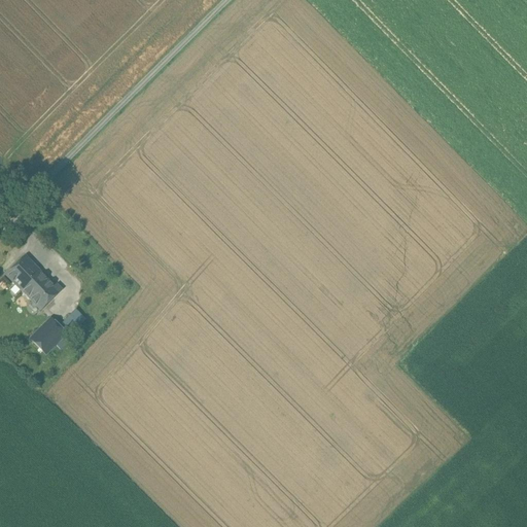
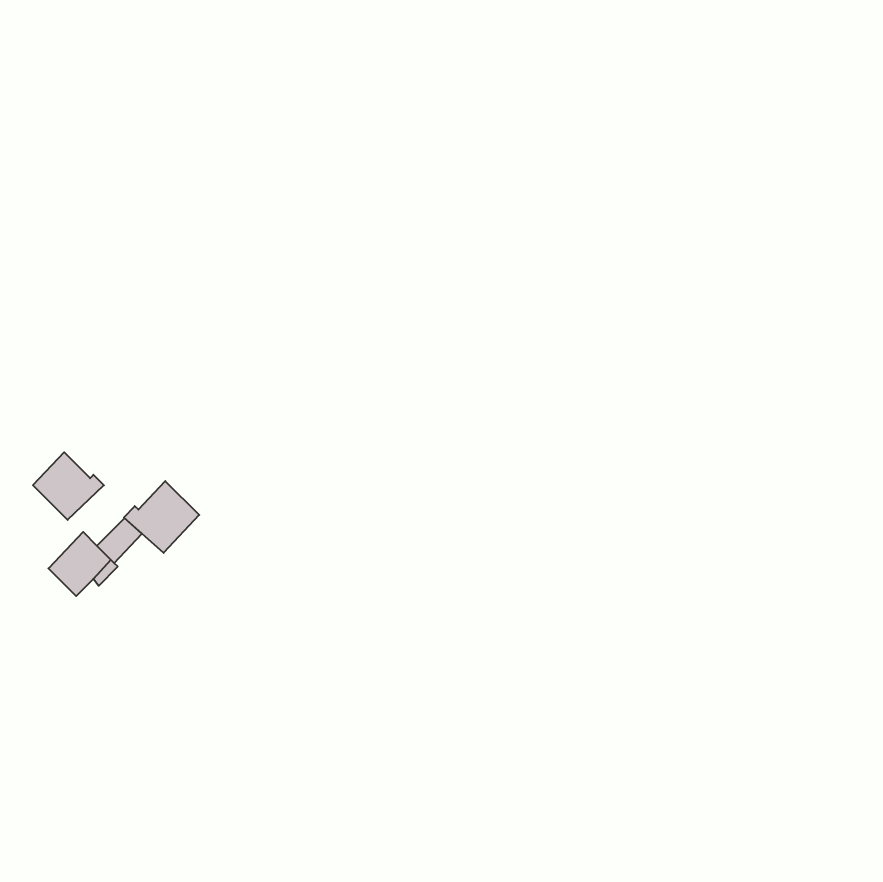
building: [5,254,38,288] -> none
building: none -> [124,481,199,553]

